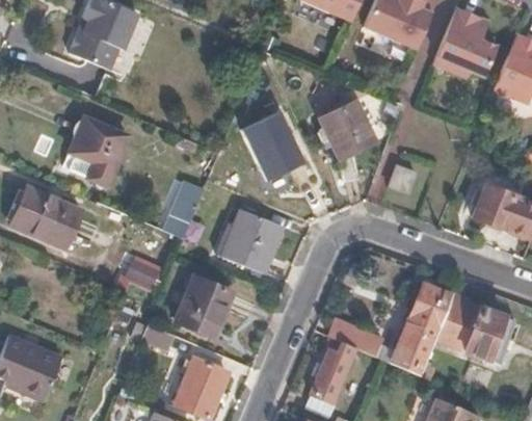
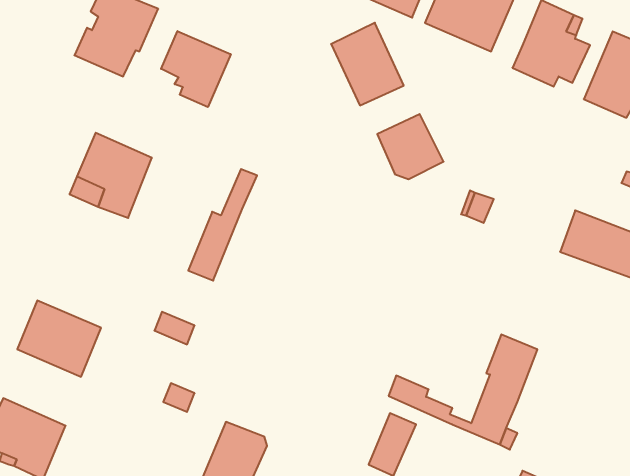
building: none -> [161,31,231,107]
building: [240,111,300,180] -> [331,23,404,105]
building: [15,184,84,247] -> [17,300,101,377]
building: [222,212,283,274] -> none
building: [174,277,233,338] -> none
building: [435,292,516,364] -> none

